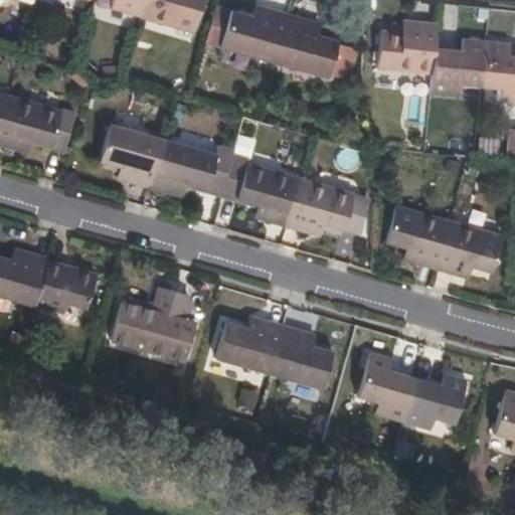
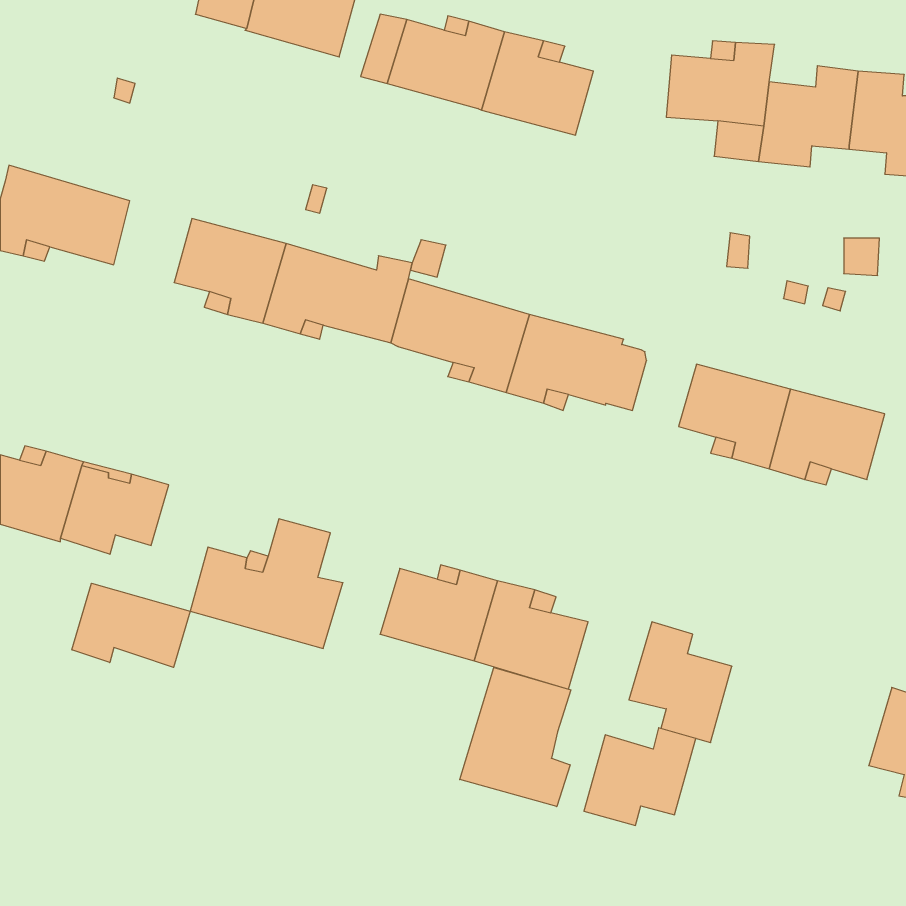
building: none -> [72,583,190,667]
building: [403,373,467,428] -> [584,728,696,825]
building: none -> [460,668,571,807]

